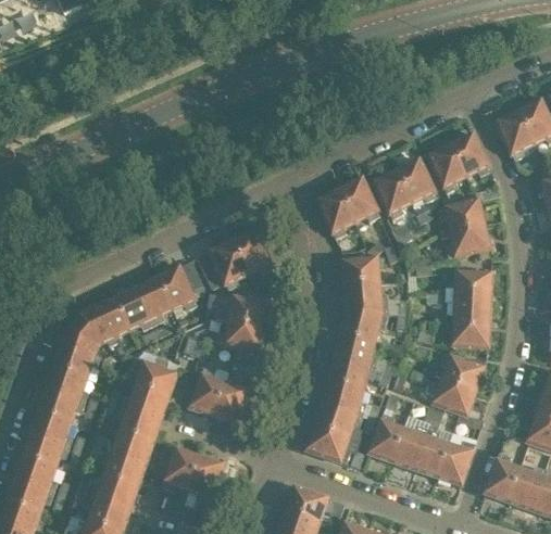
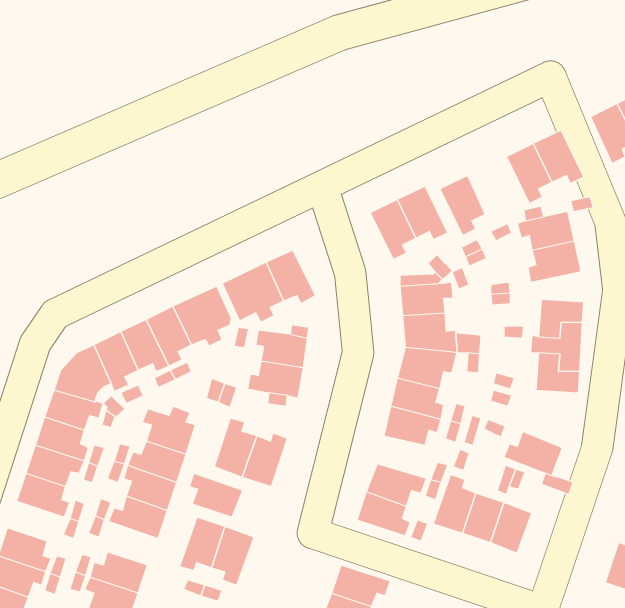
building: [397,160,437,203] -> none
building: [439,354,483,392] -> none
building: [323,382,366,417] -> none
building: [22,435,68,468] -> none
building: [437,443,474,485] -> none
building: [101,452,145,487] -> [190,473,243,517]
building: [485,454,519,501] -> none

